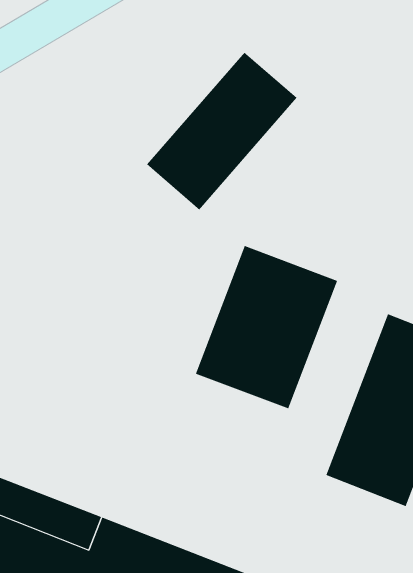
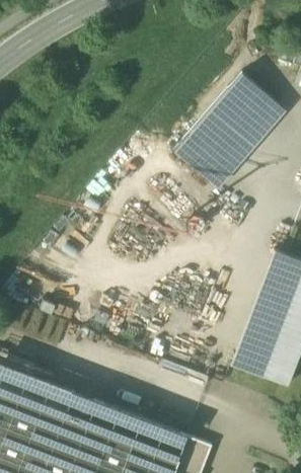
building: [146,52,298,210] -> [174,72,281,183]
building: [195,245,338,409] -> none

